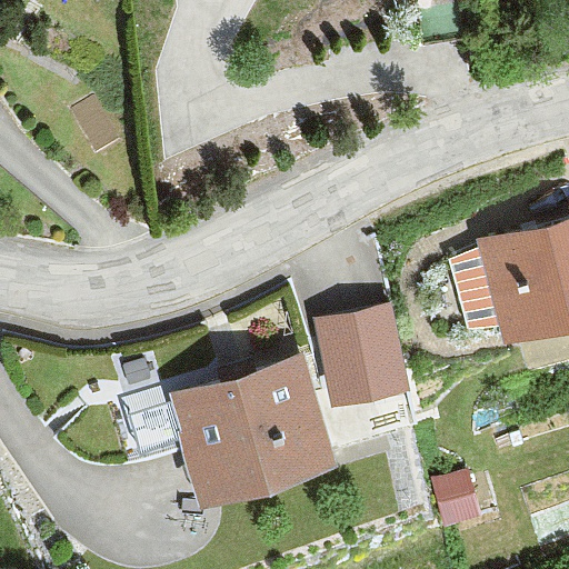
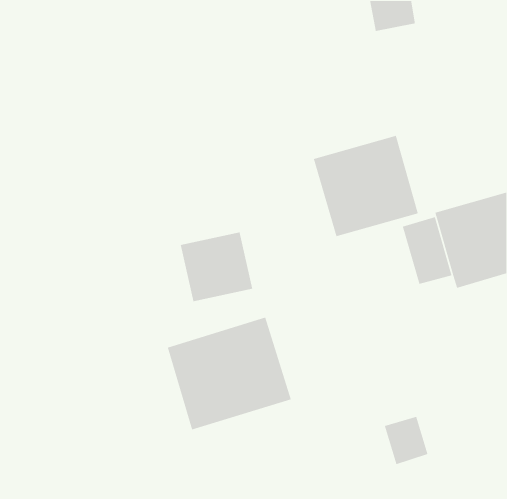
building: none -> [313,135,419,237]
building: [323,309,406,388] -> [180,232,253,302]

